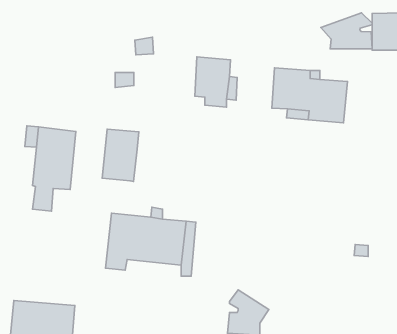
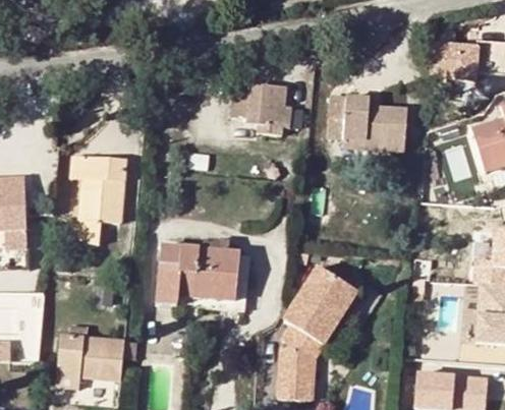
building: [321,13,372,49] -> none
building: [102,129,139,181] -> none
building: none -> [285,266,358,344]

